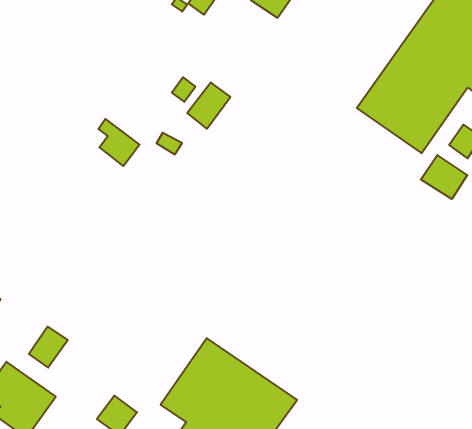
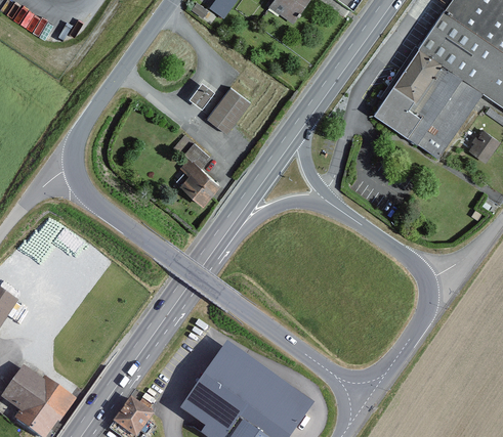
building: [98,119,140,166] -> [179,157,220,204]
building: [421,155,467,199] -> none
building: [29,327,68,368] -> none

